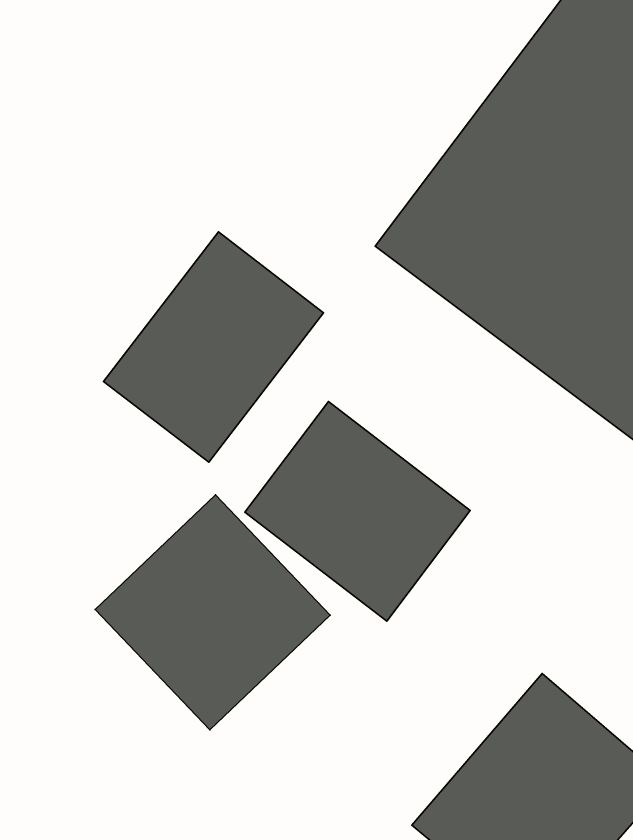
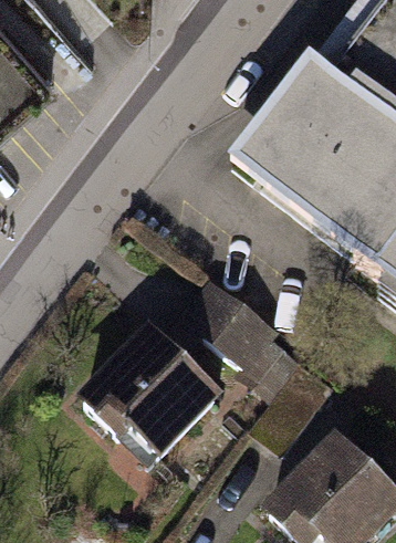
building: [104,232,324,462] -> none

